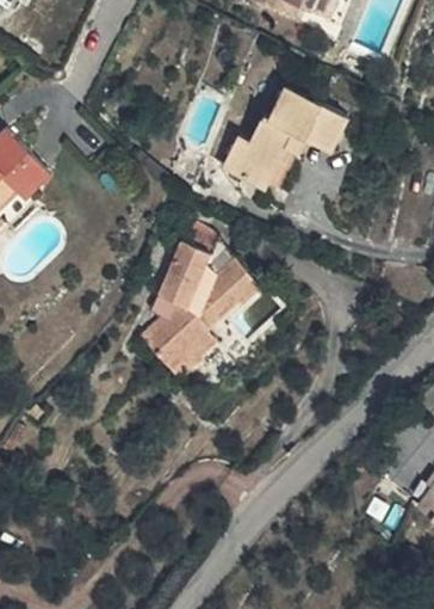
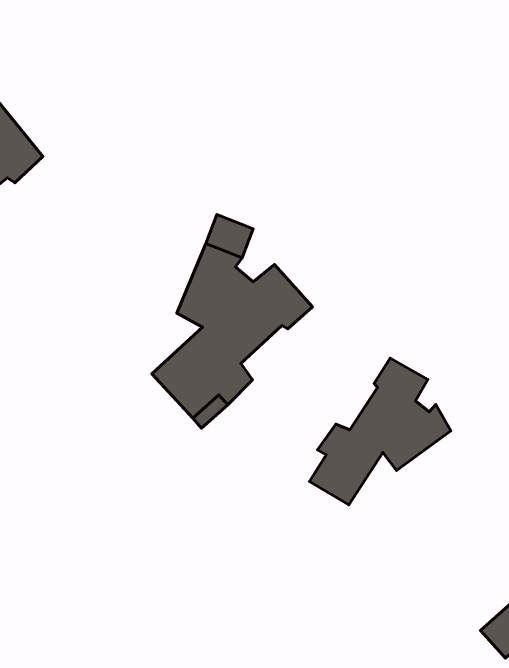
building: [231,86,352,187] -> none
building: none -> [309,358,451,505]

